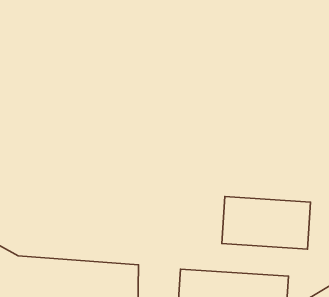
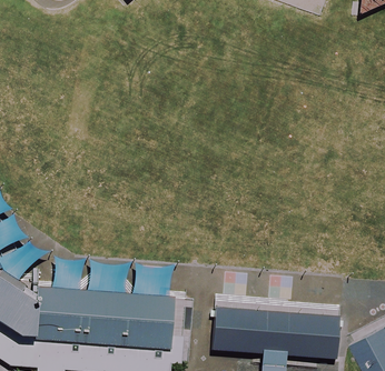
building: [222,197,311,249] -> none

